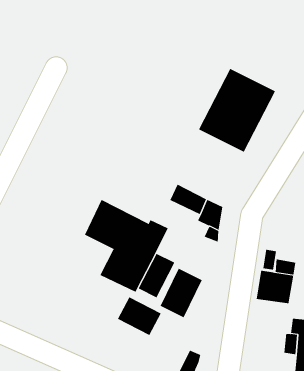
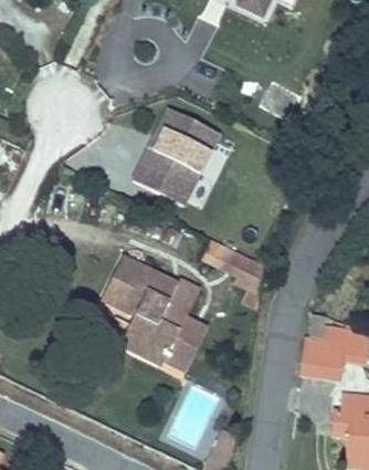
building: [198,68,276,153] -> [133,107,222,205]
building: [160,268,203,318] -> none
building: [117,297,161,336] -> none

